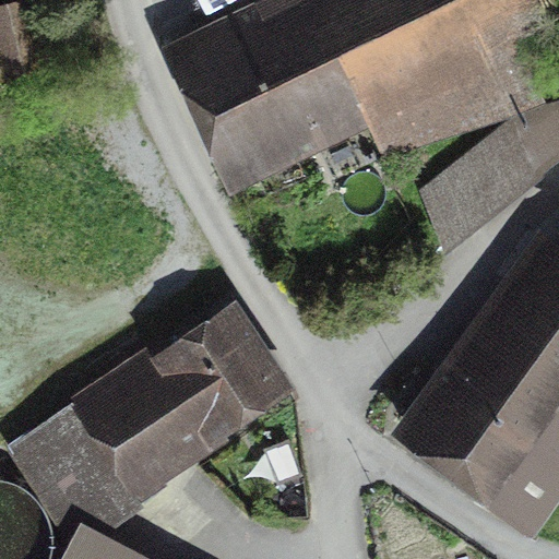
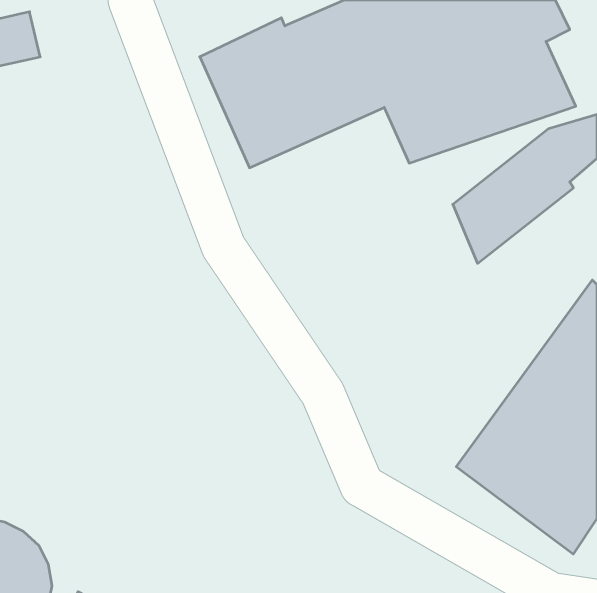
building: [8,329,262,548] -> none

